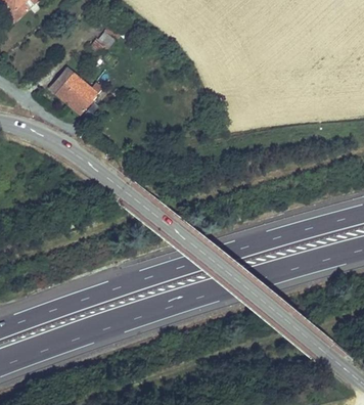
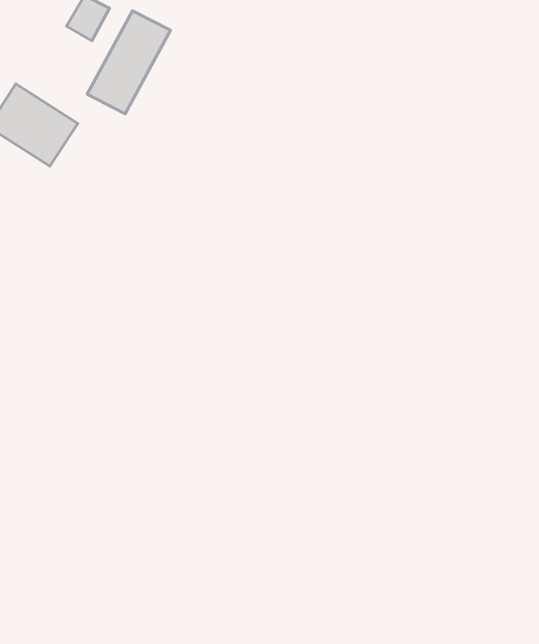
building: none -> [87,11,170,114]

